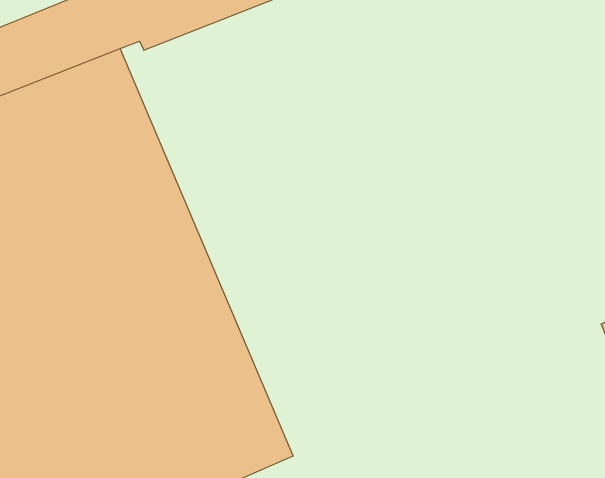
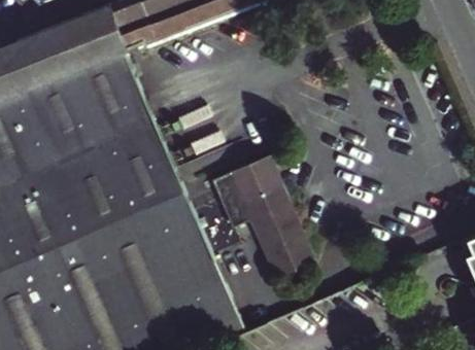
building: none -> [209,154,312,275]

